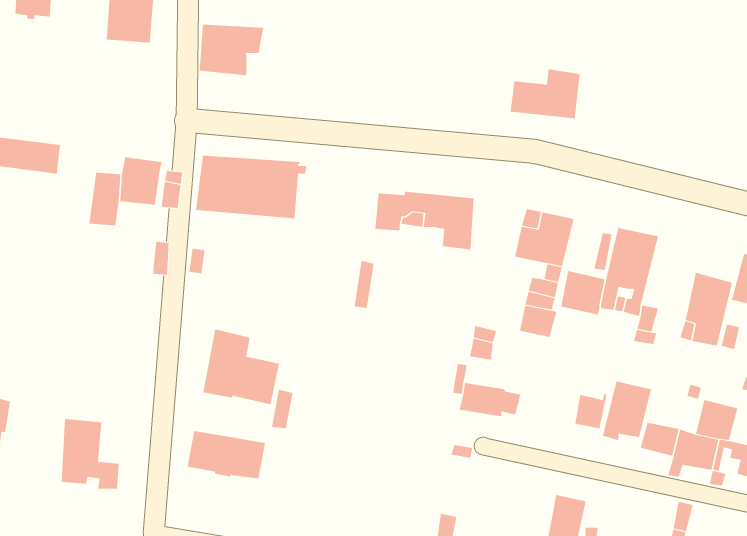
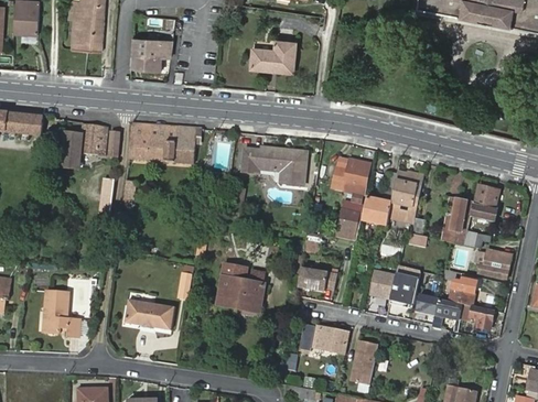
building: [510,69,581,119] -> [250,40,295,72]
building: [202,329,280,405] -> [215,263,265,312]
building: none -> [309,325,347,354]

